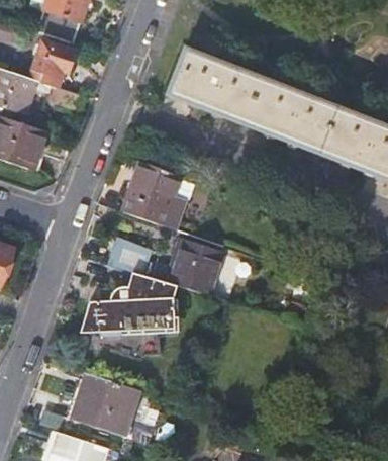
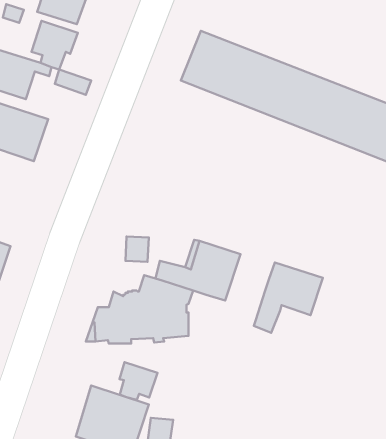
building: [124,161,186,232] -> none
building: none -> [254,263,323,333]
building: none -> [119,362,157,400]

